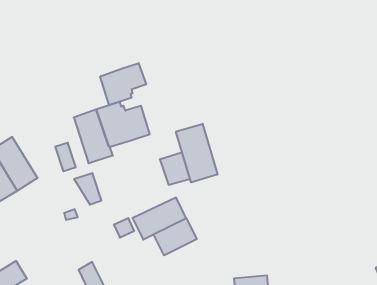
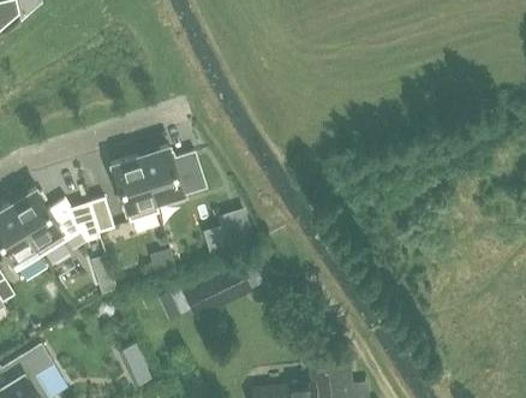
building: [100,63,146,105] -> none
building: [176,124,217,182] -> none
building: [74,173,101,205] -> [65,203,98,242]
building: [154,218,197,255] -> none

